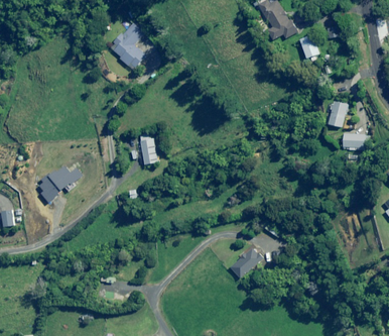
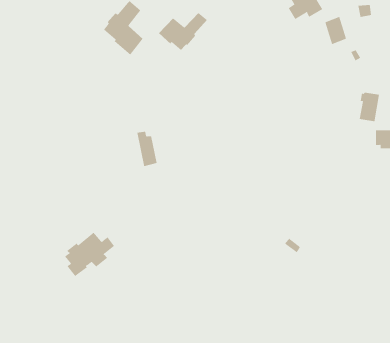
building: none -> [158,12,208,51]
building: [38,164,82,203] -> [64,232,115,277]
building: [231,247,262,277] -> none

